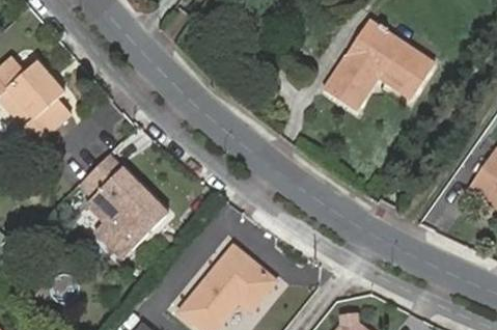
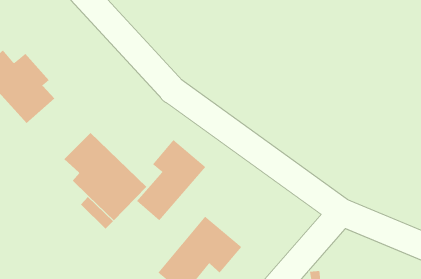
building: [328,17,440,109] -> none
building: none -> [136,139,206,221]

